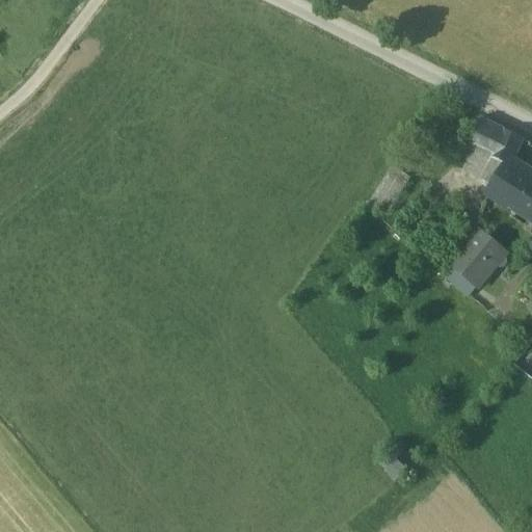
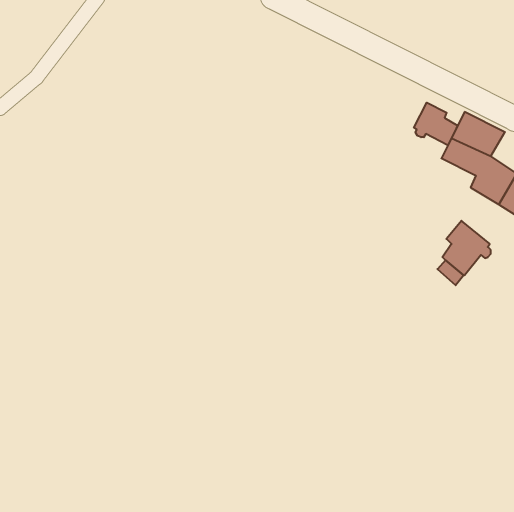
building: none -> [414,103,457,145]

